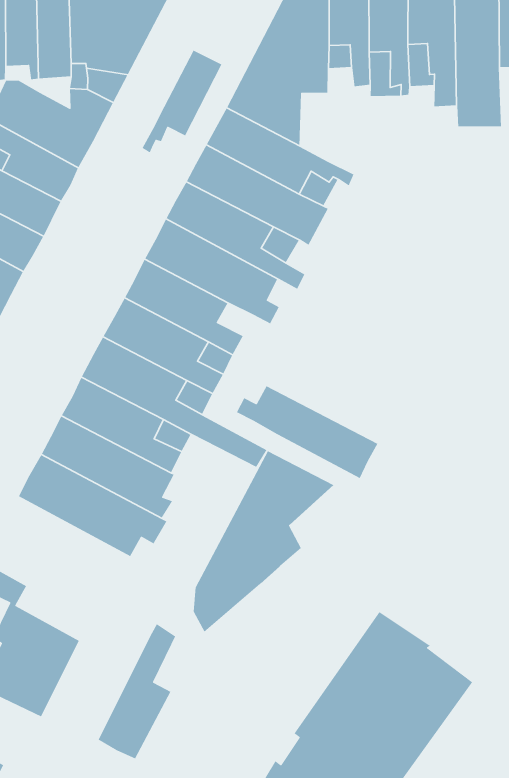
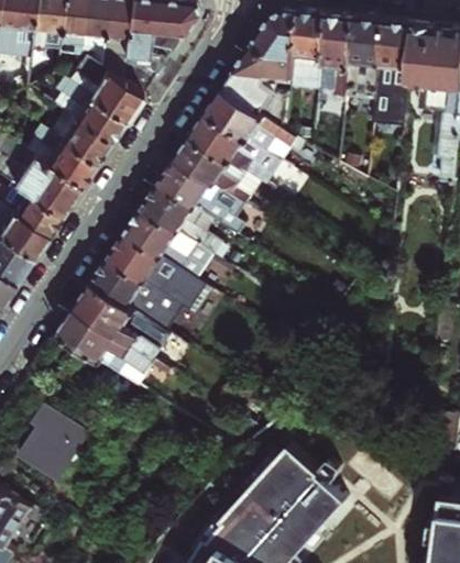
building: [142,50,223,154] -> none
building: [236,385,379,479] -> none
building: [193,450,334,633] -> none
building: [98,623,176,760] -> none

